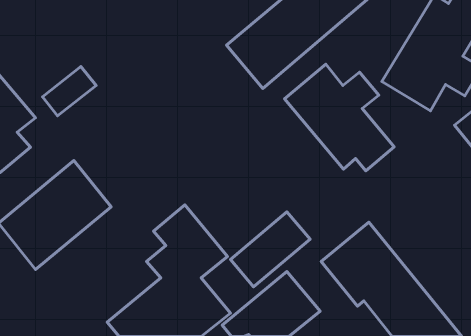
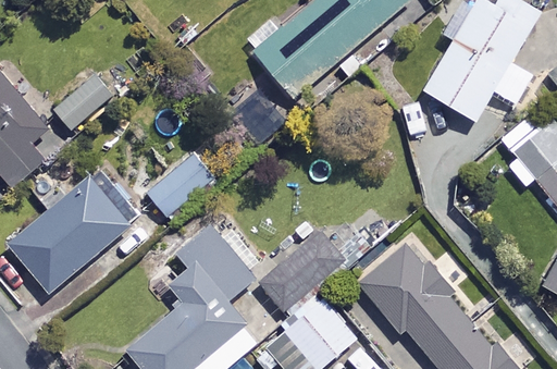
building: [284,64,394,171] -> none
building: none -> [146,151,214,213]

